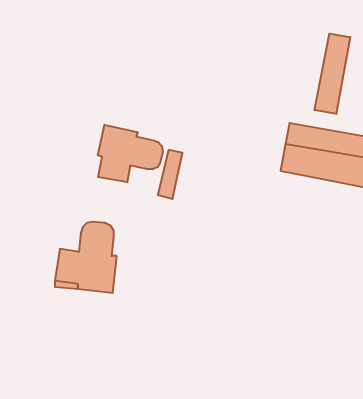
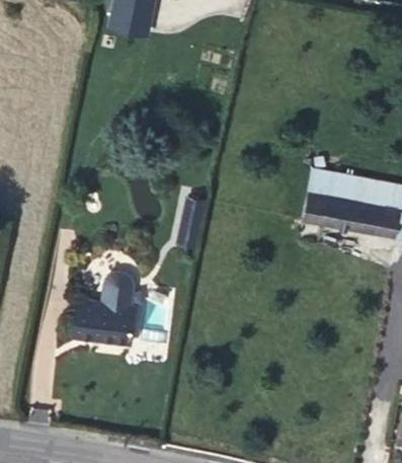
building: [315,34,350,114] -> none
building: [98,125,163,182] -> none

